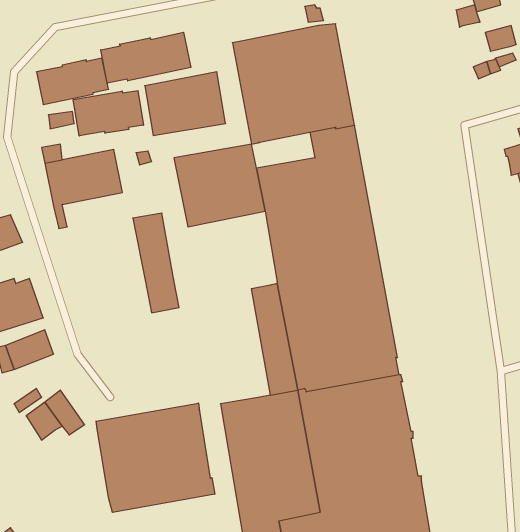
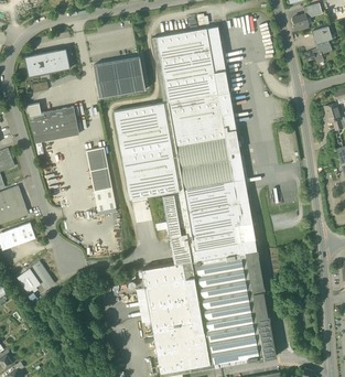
building: [101,32,191,83] -> none
building: [73,91,143,136] -> none
building: none -> [162,95,203,118]
building: none -> [121,146,179,200]
building: [96,403,215,512] -> none

